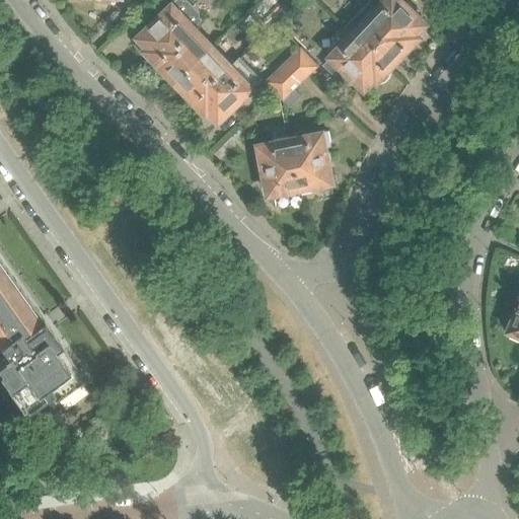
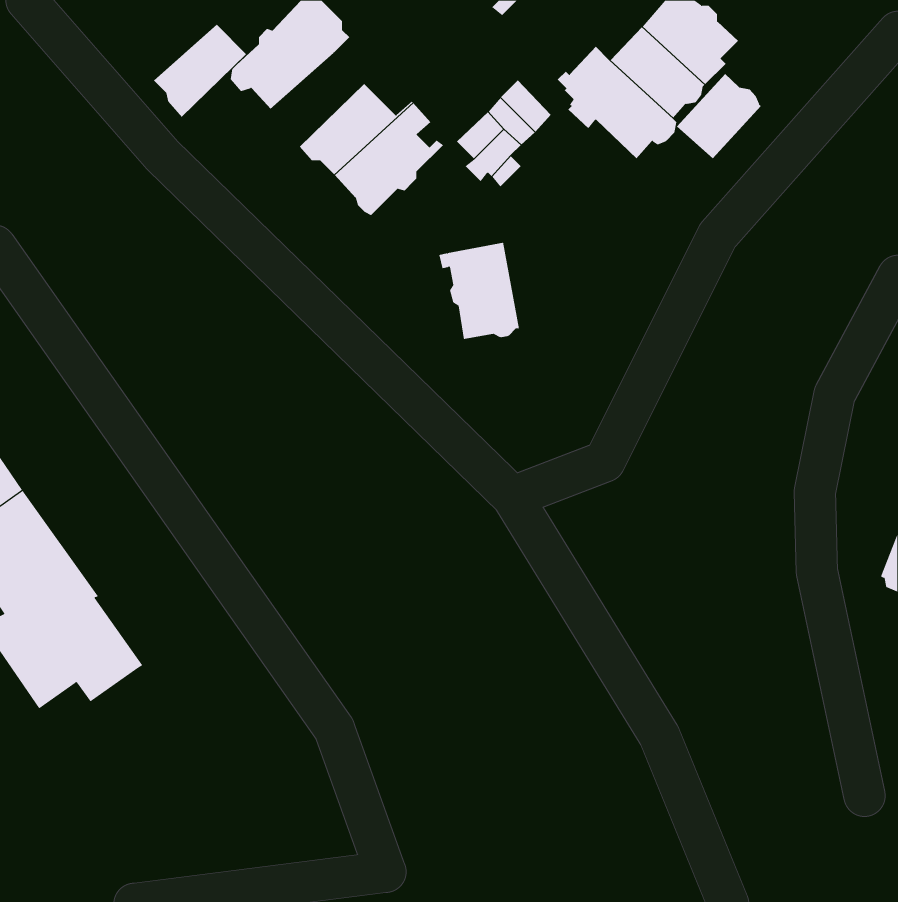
building: [155,31,209,85] -> [153,24,247,118]
building: none -> [676,73,762,159]
building: [289,132,335,191] -> none

